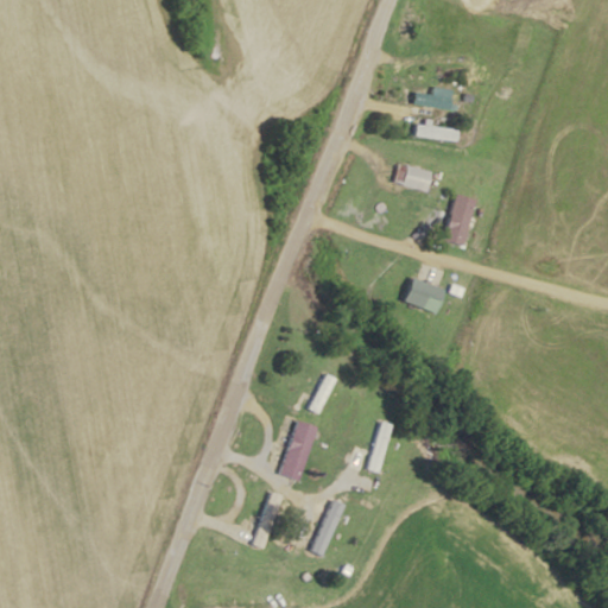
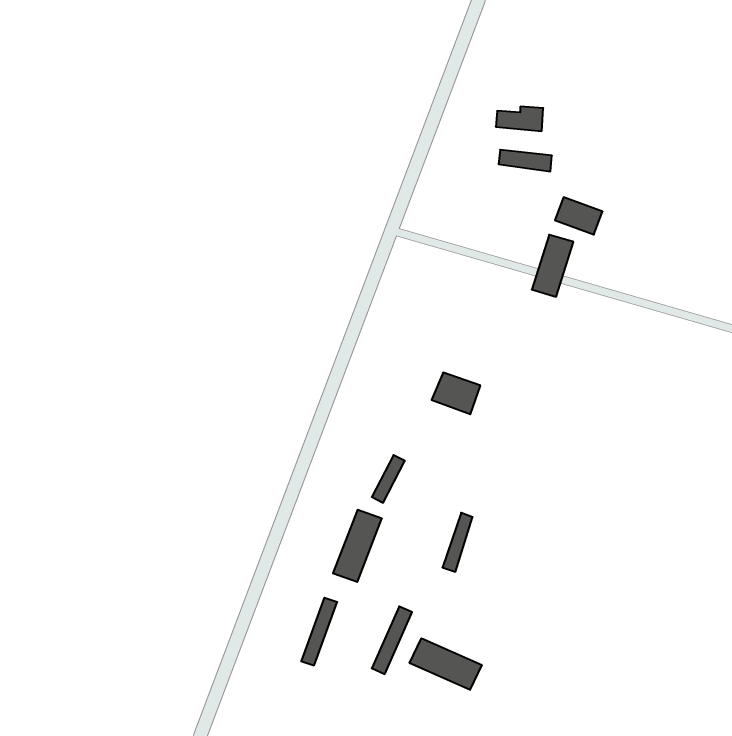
building: [393,162,432,192] -> [555,197,603,235]
building: [403,278,443,312] -> [432,373,480,414]
building: none -> [410,638,482,690]

